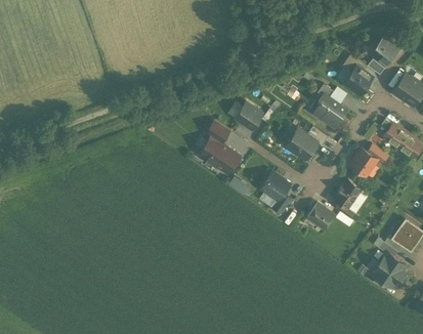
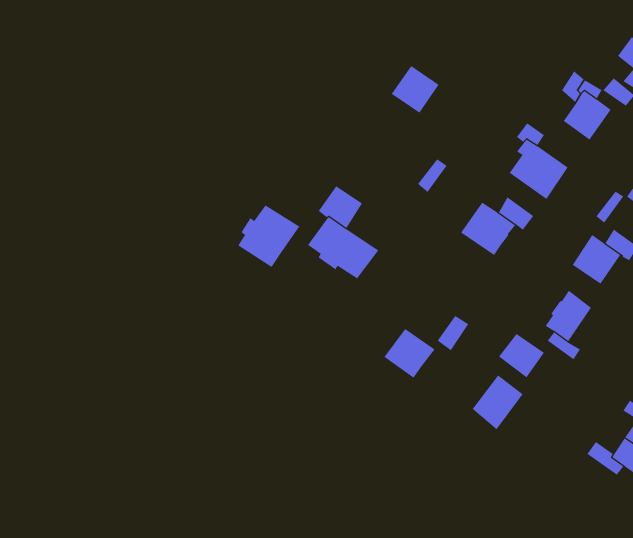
building: [235,102,262,130] -> [391,65,440,114]
building: none -> [237,205,300,268]
building: [260,172,290,201] -> [383,328,436,378]
building: none -> [472,374,525,430]

